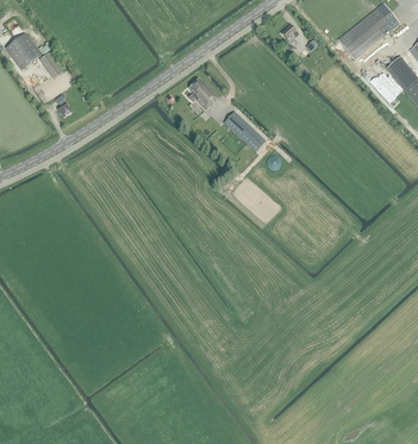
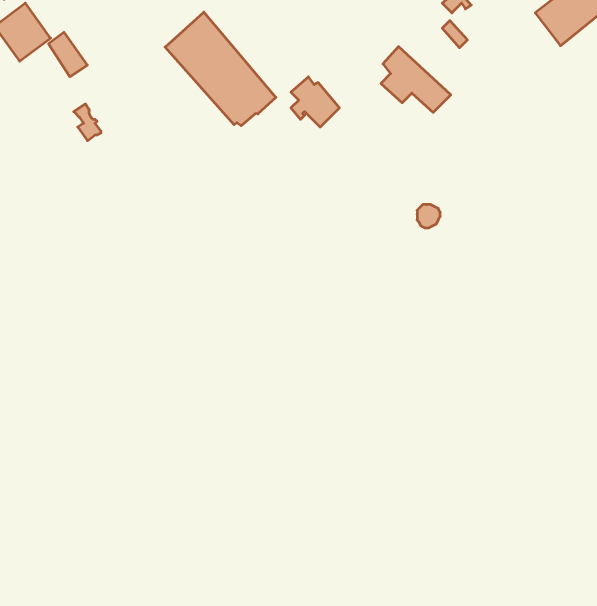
building: none -> [165,12,276,126]
building: [223,111,266,151] -> [381,47,451,112]

